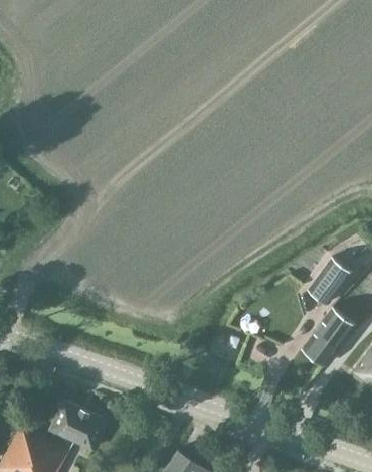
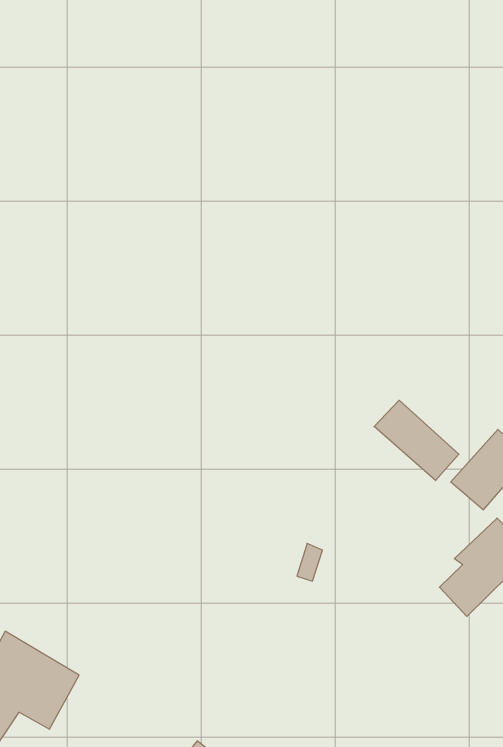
building: none -> [374,400,459,481]

